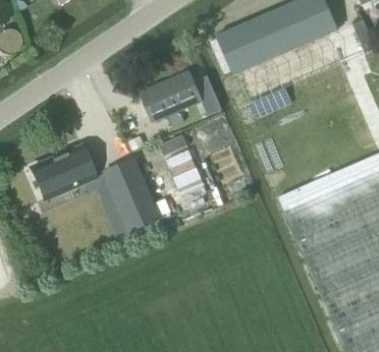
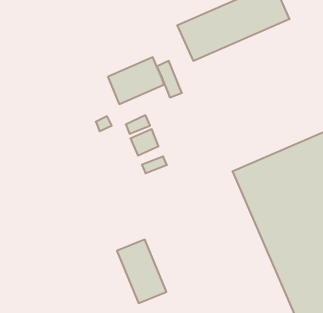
building: [30,145,94,199] -> none
building: [106,165,160,234] -> [117,240,166,303]

